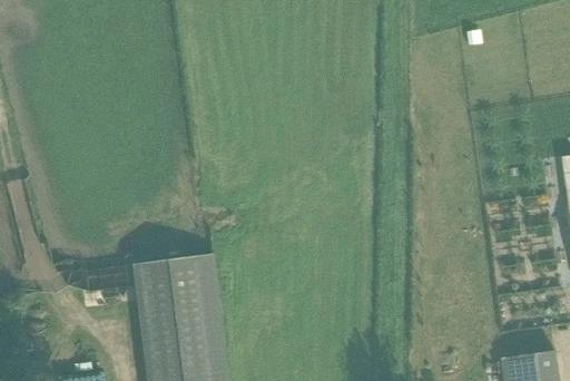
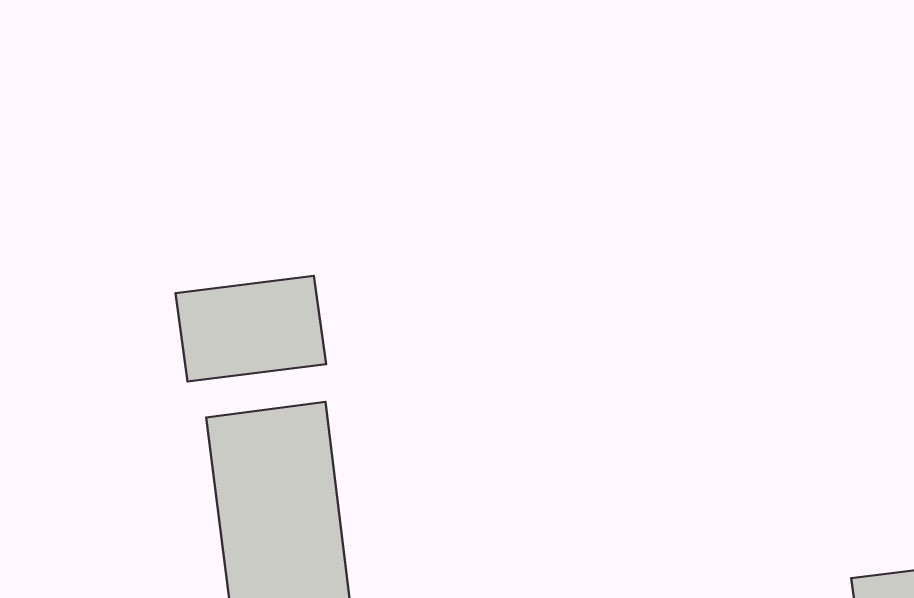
building: none -> [175,276,326,382]

